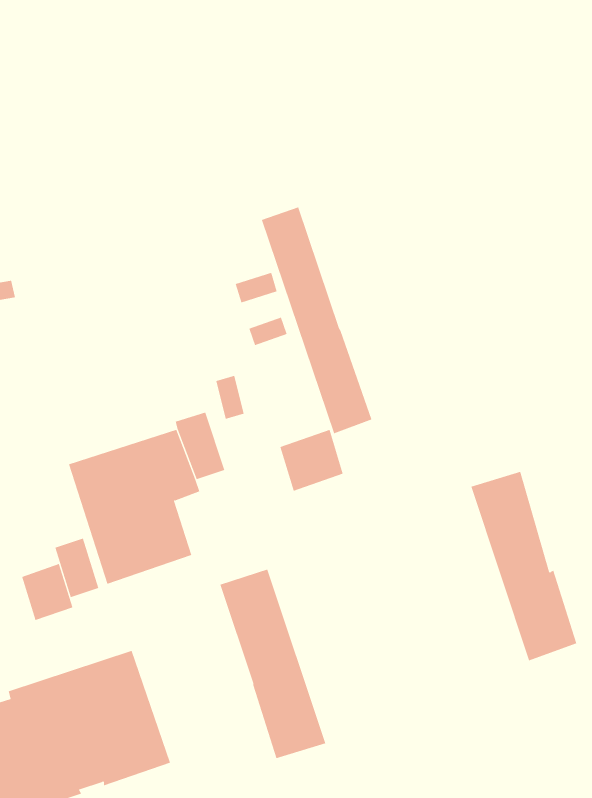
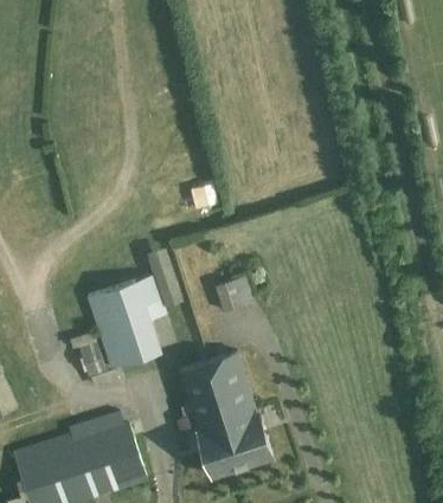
building: [261,207,372,434] -> none
building: [470,471,577,661] -> [206,352,271,467]
building: [21,563,73,621] -> none

